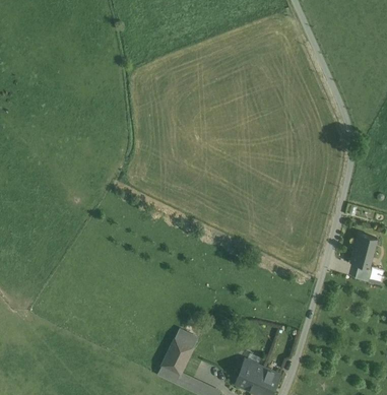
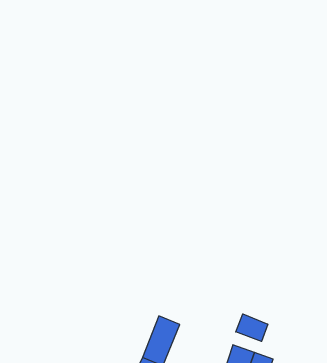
building: none -> [236,314,268,341]

